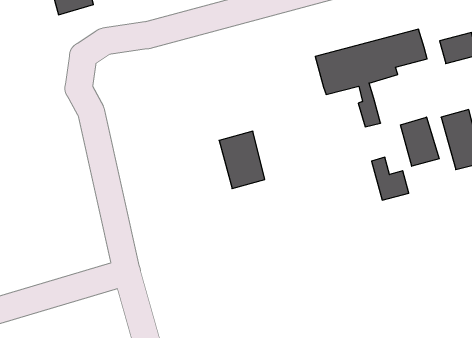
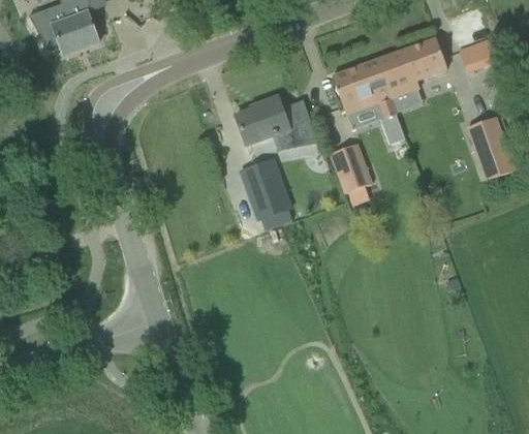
building: none -> [236,95,318,146]
building: [400,117,439,166] -> none
building: [372,157,409,200] -> [330,148,371,192]

